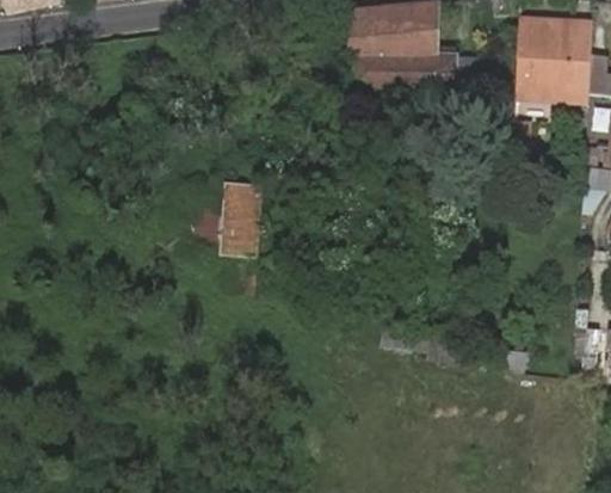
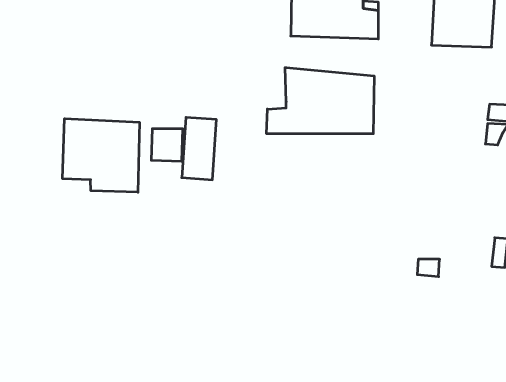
building: none -> [267,68,374,134]
building: none -> [63,119,139,192]

